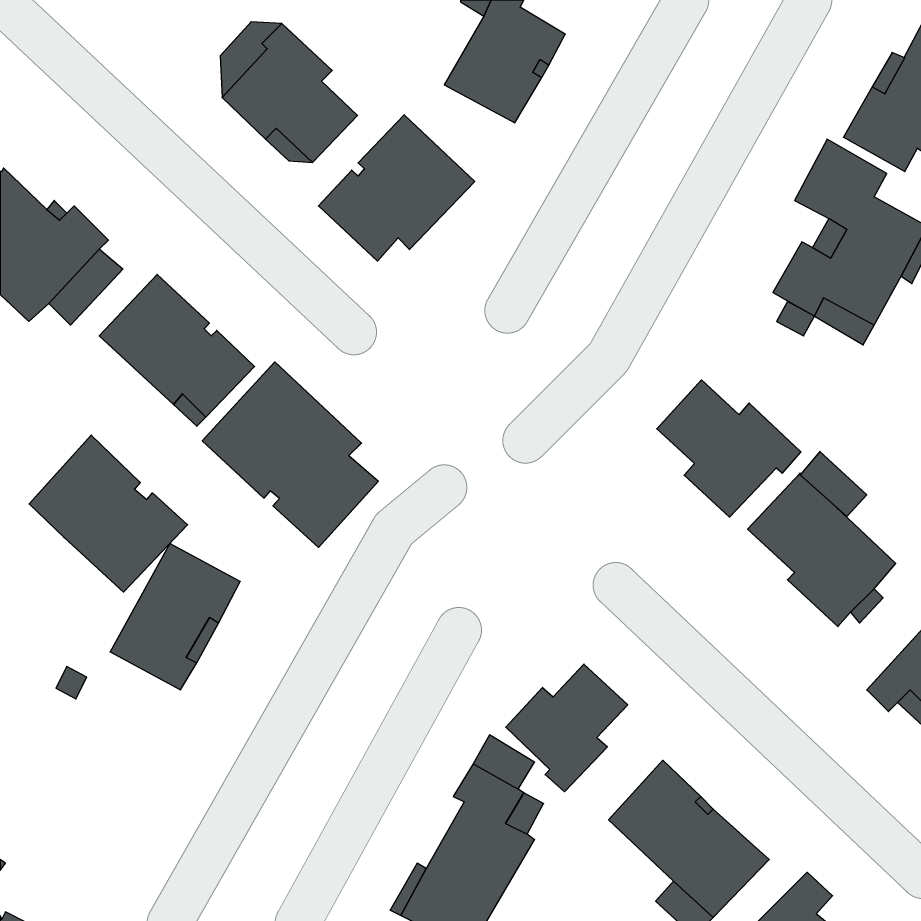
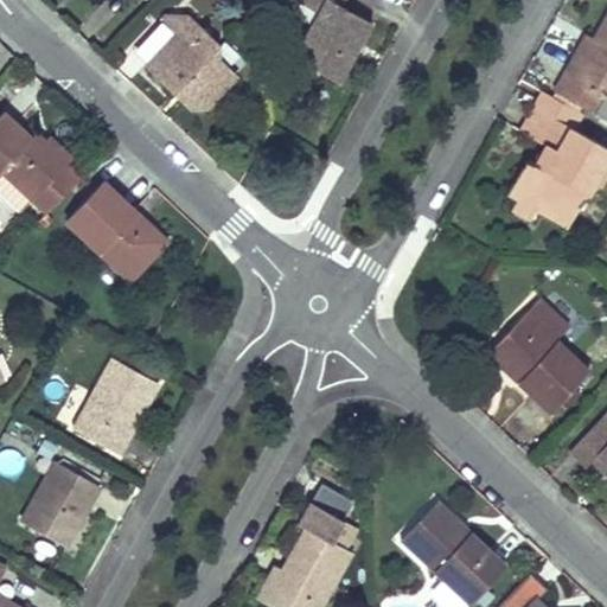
building: [318,115,475,261] -> none
building: [202,362,378,547] -> none
building: [657,380,801,517] -> none
building: [29,435,188,592] -> none
building: [506,664,628,792] -> none
building: none -> [23,461,101,547]

